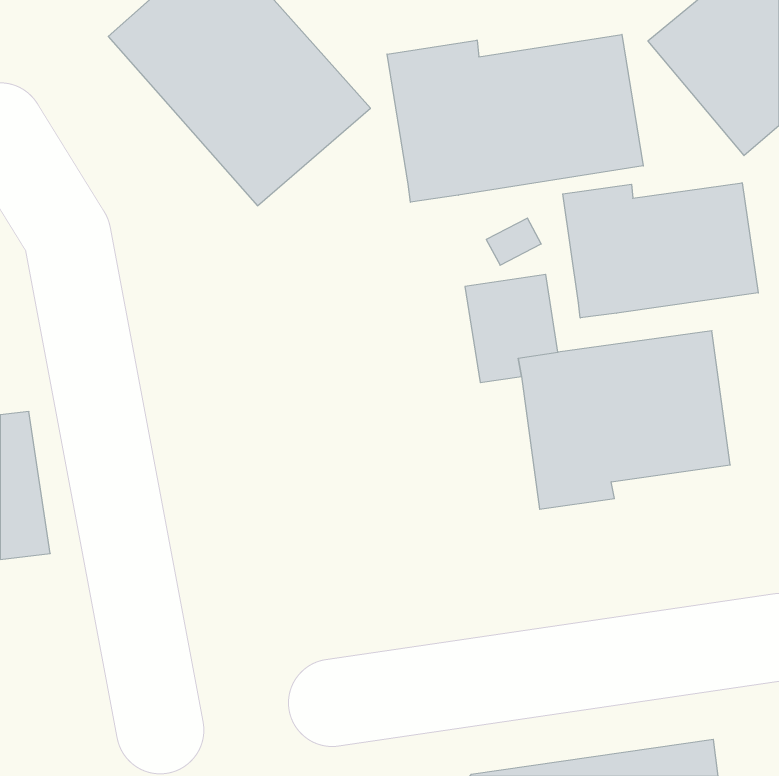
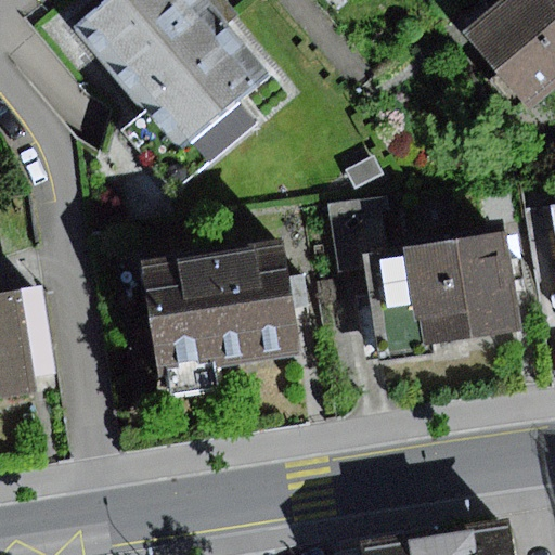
building: [387,34,643,202] -> none
building: [563,183,758,318] -> none
building: none -> [145,246,297,391]

